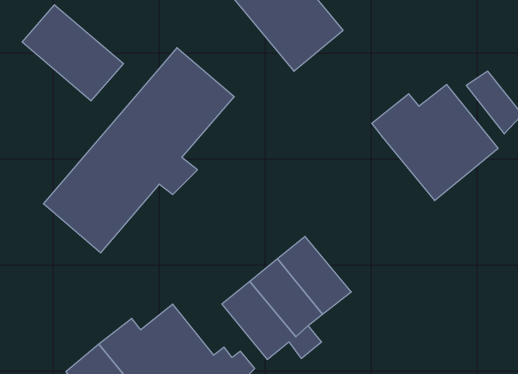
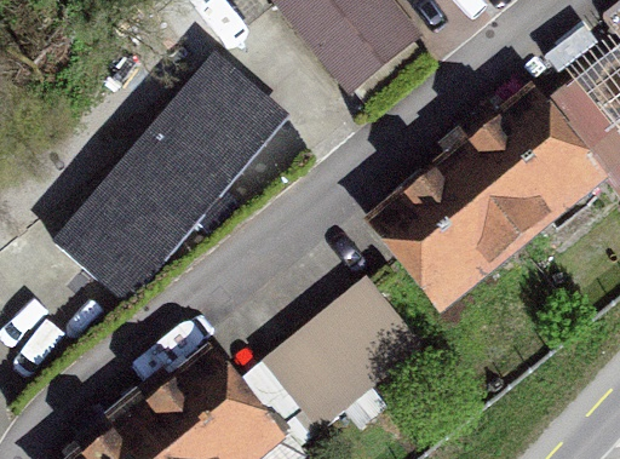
building: [22,5,123,101] -> none
building: none -> [379,166,517,303]

